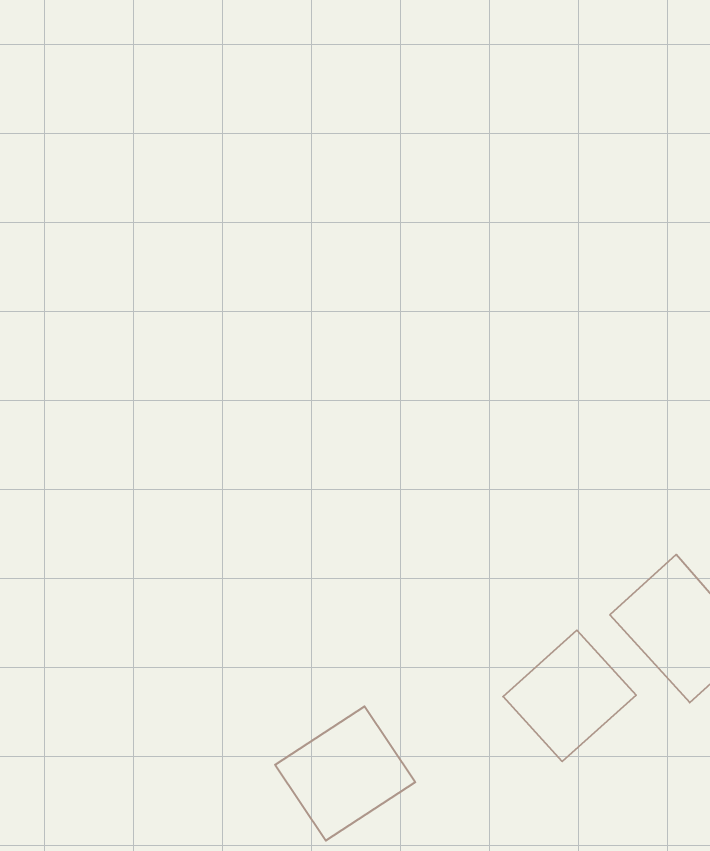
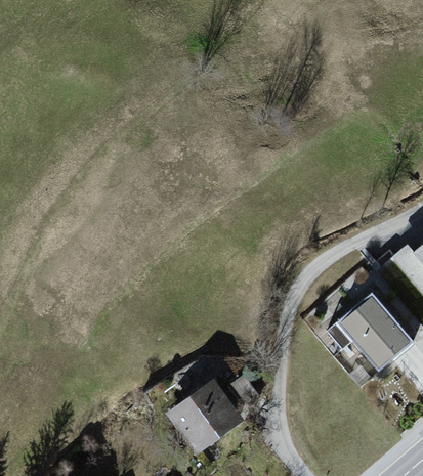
building: [503,630,636,761] -> none

